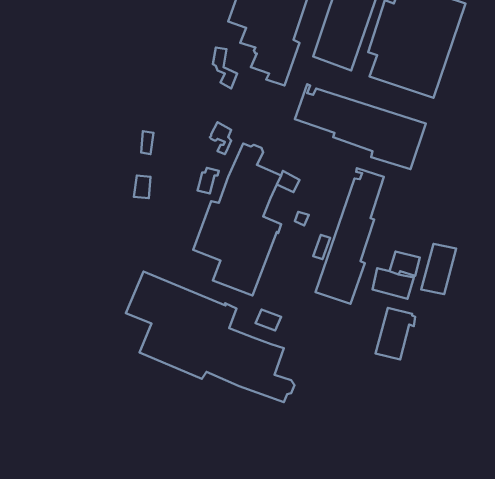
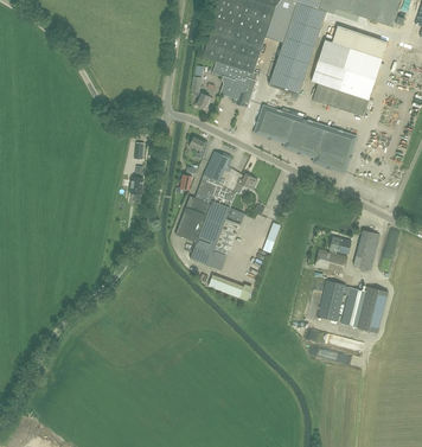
building: [316,168,384,304] -> none
building: [126,271,294,402] -> none
building: none -> [340,286,385,332]

